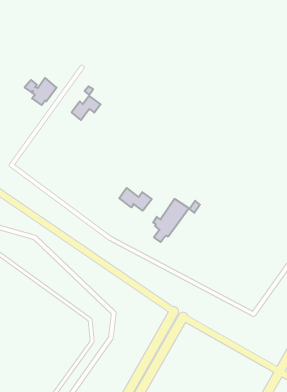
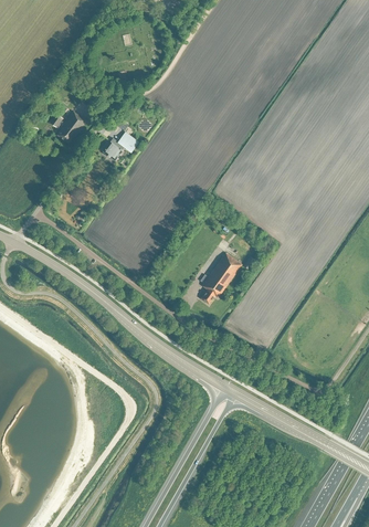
building: [119,188,152,211] -> none

